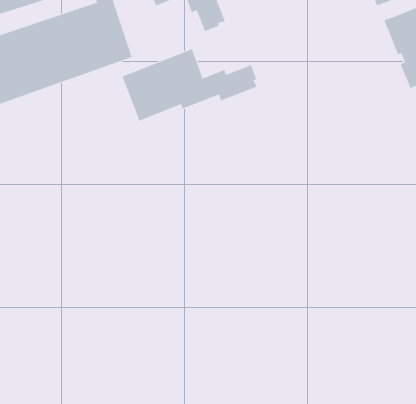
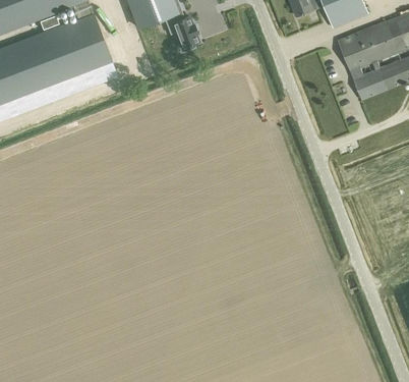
building: [122,49,257,121] -> none

